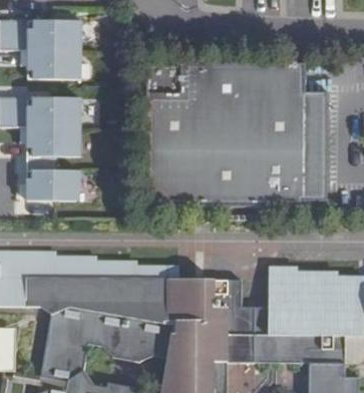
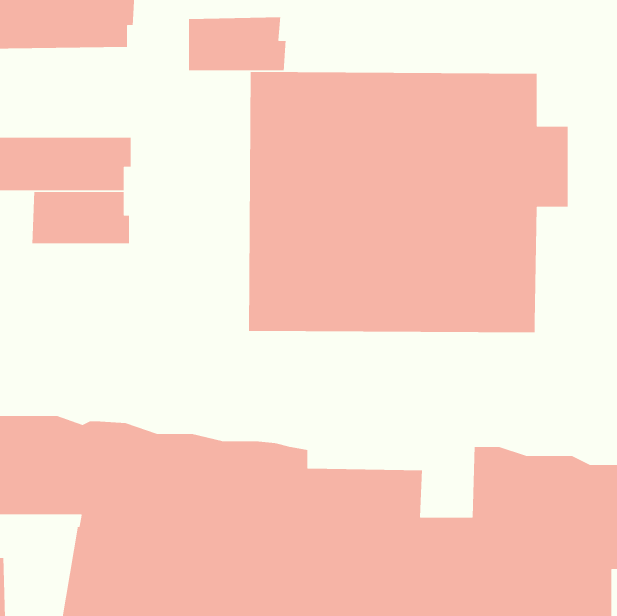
building: [28,48,82,78] -> [188,17,286,71]
building: [304,91,327,200] -> none
building: [25,156,80,202] -> none

